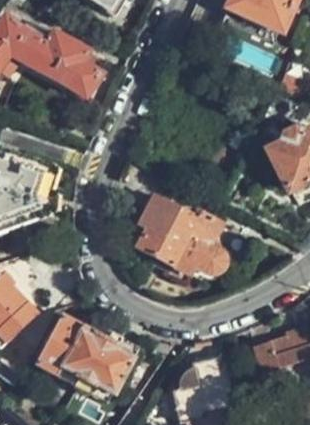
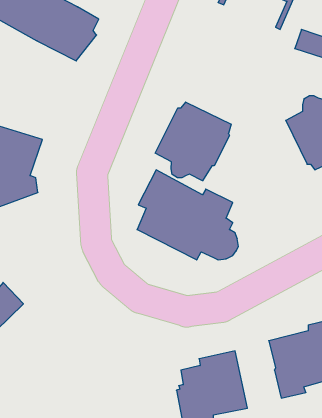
building: none -> [155,102,231,181]
building: [38,313,136,400] -> none

